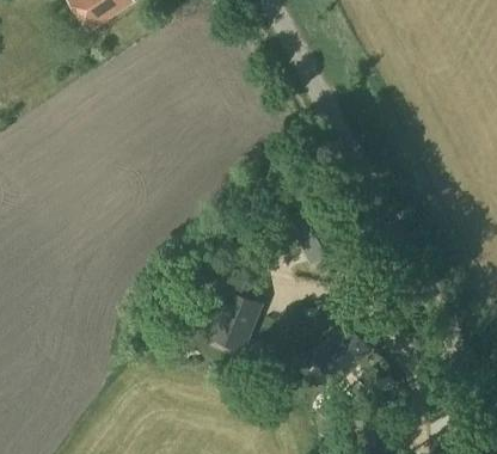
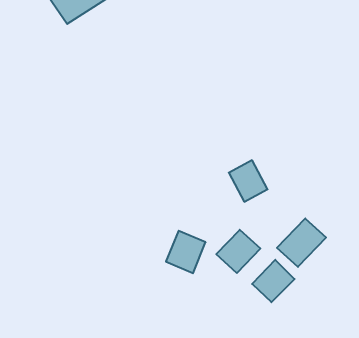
building: none -> [277,218,326,267]
building: none -> [216,230,260,273]

